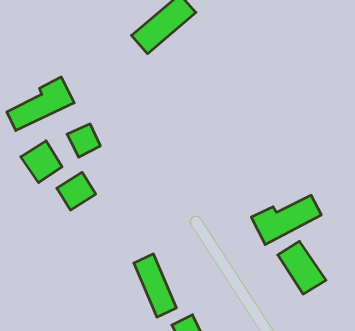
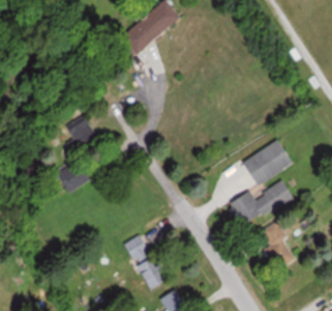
building: [7,77,74,131] -> none
building: [21,141,62,183] -> none
building: none -> [242,139,294,186]

